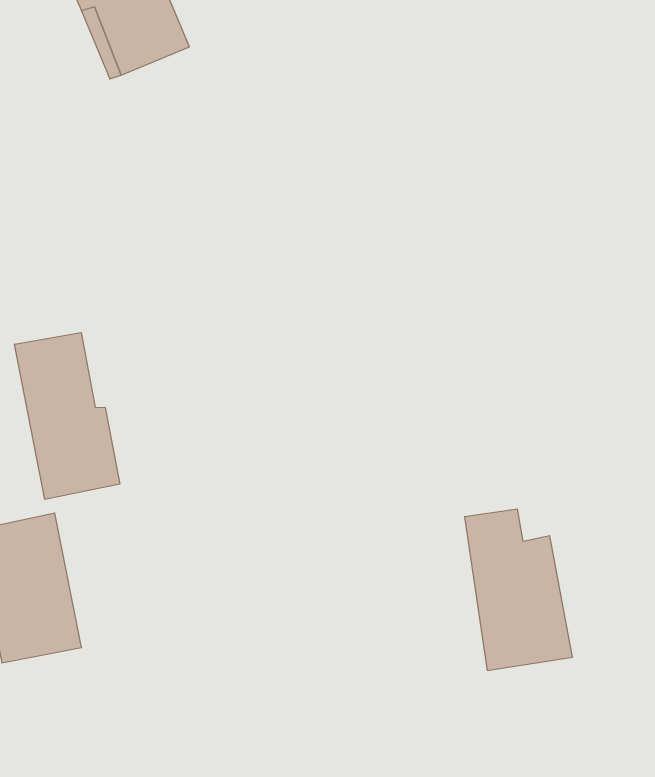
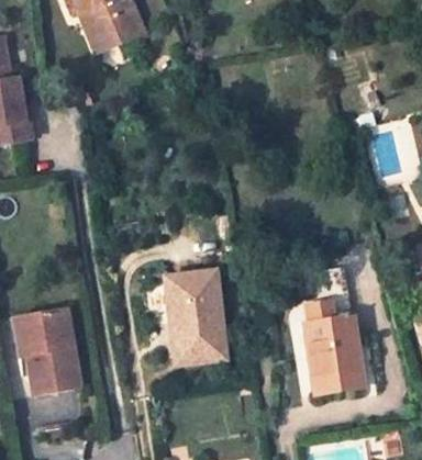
building: [14,333,120,499] -> none
building: none -> [166,271,227,364]

